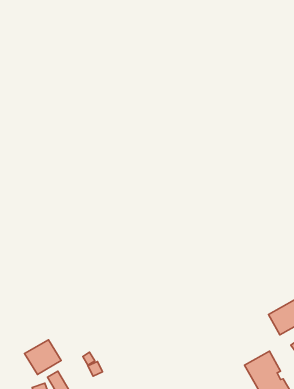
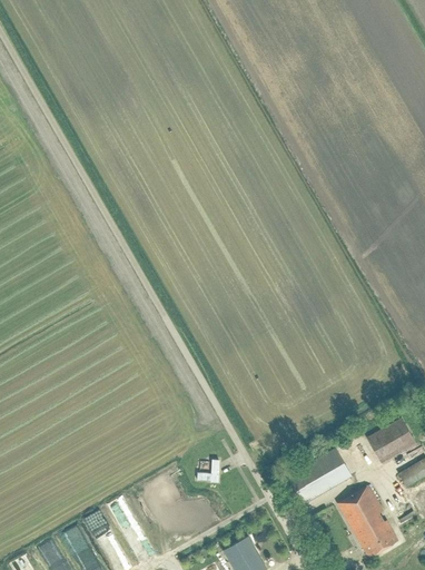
building: none -> [287,448,352,504]
building: [25,340,61,375] -> none

